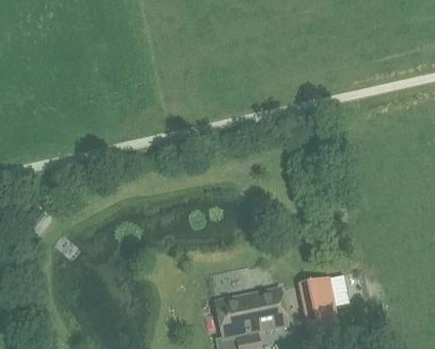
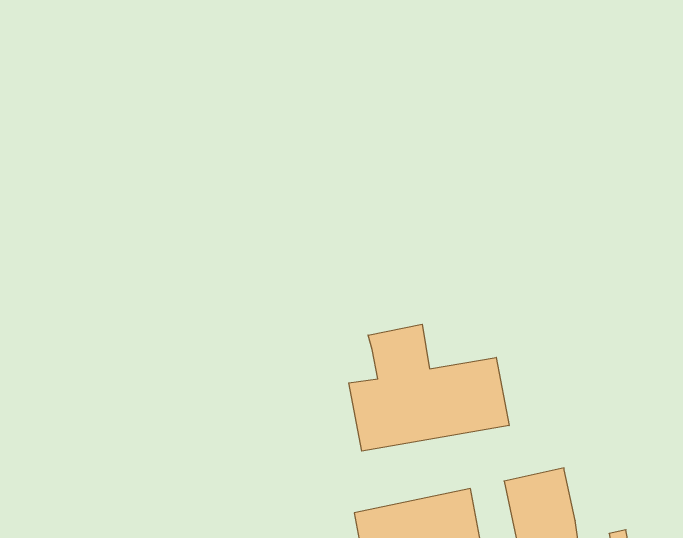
building: none -> [349,324,509,451]

